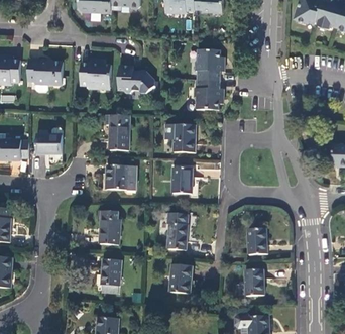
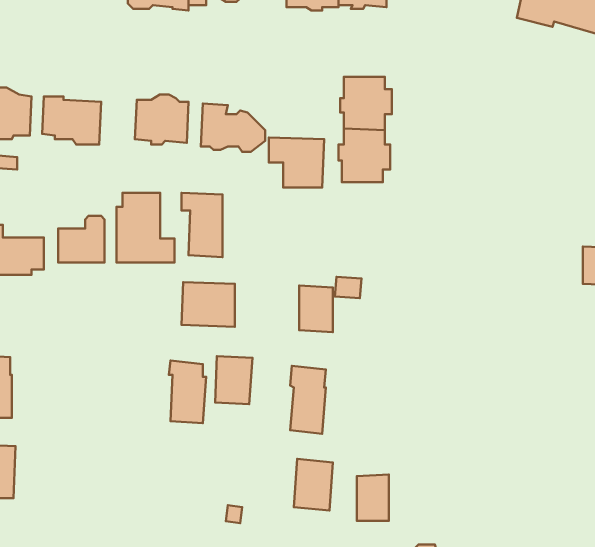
building: none -> [116,193,175,262]
building: [164,124,196,152] -> [269,137,324,187]
building: [247,228,267,254] -> none
building: [101,258,122,286] -> [215,356,253,404]
building: [245,268,263,295] -> [357,475,389,521]

